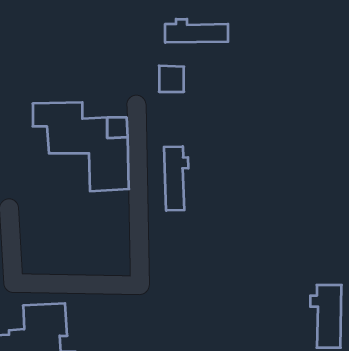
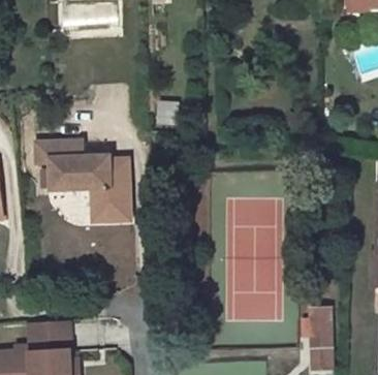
building: [165,19,228,43] -> none
building: [164,146,188,211] -> none

